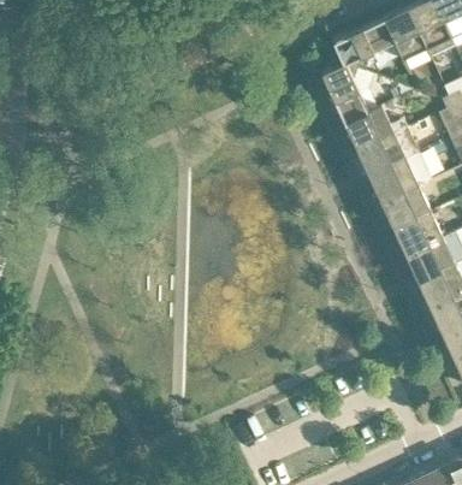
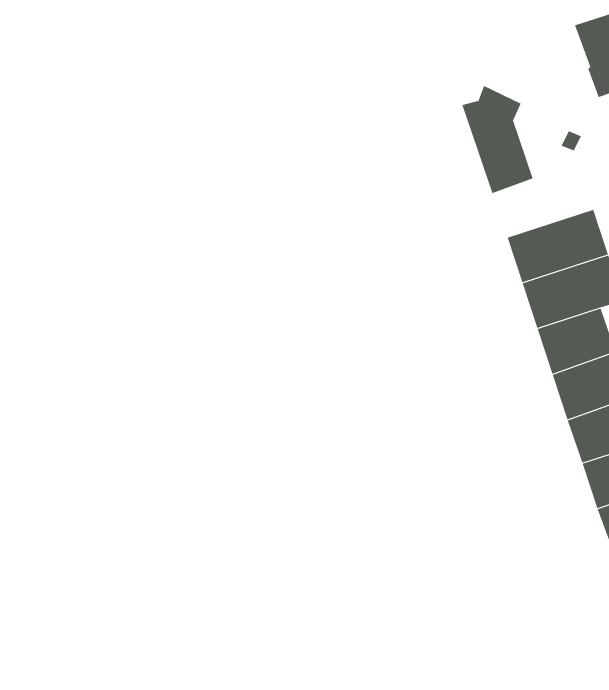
building: [333,18,396,69] -> none
building: [345,107,408,150] -> none

